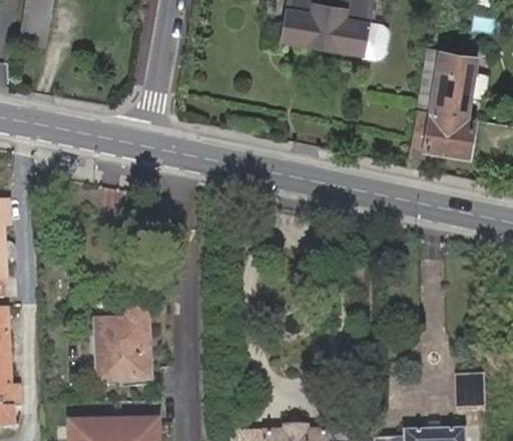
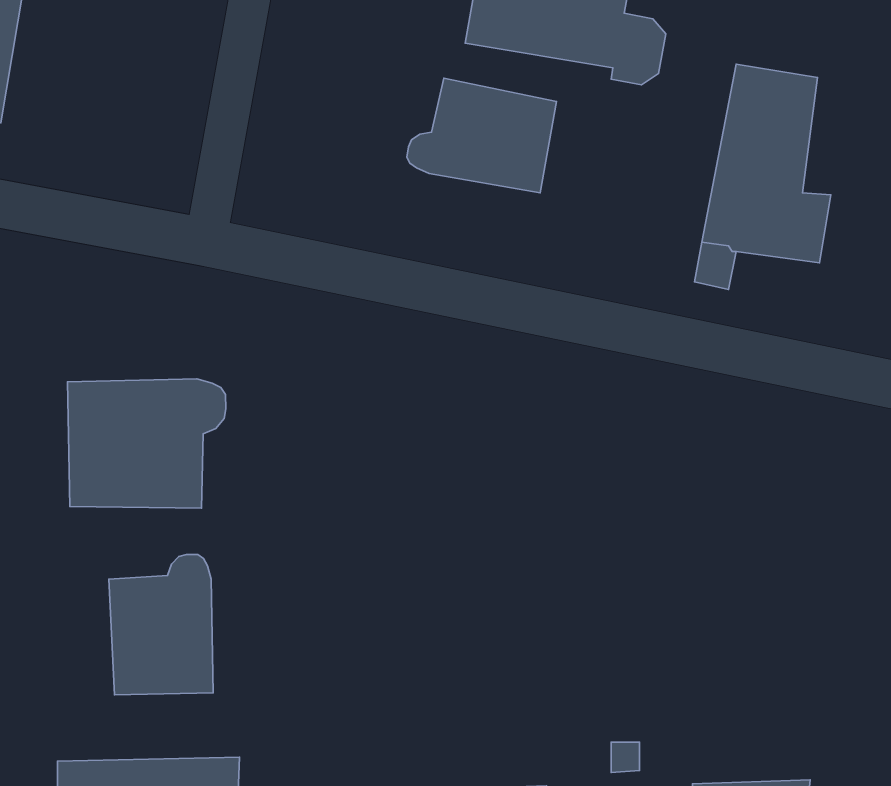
building: none -> [407,78,556,193]
building: none -> [67,379,226,508]

